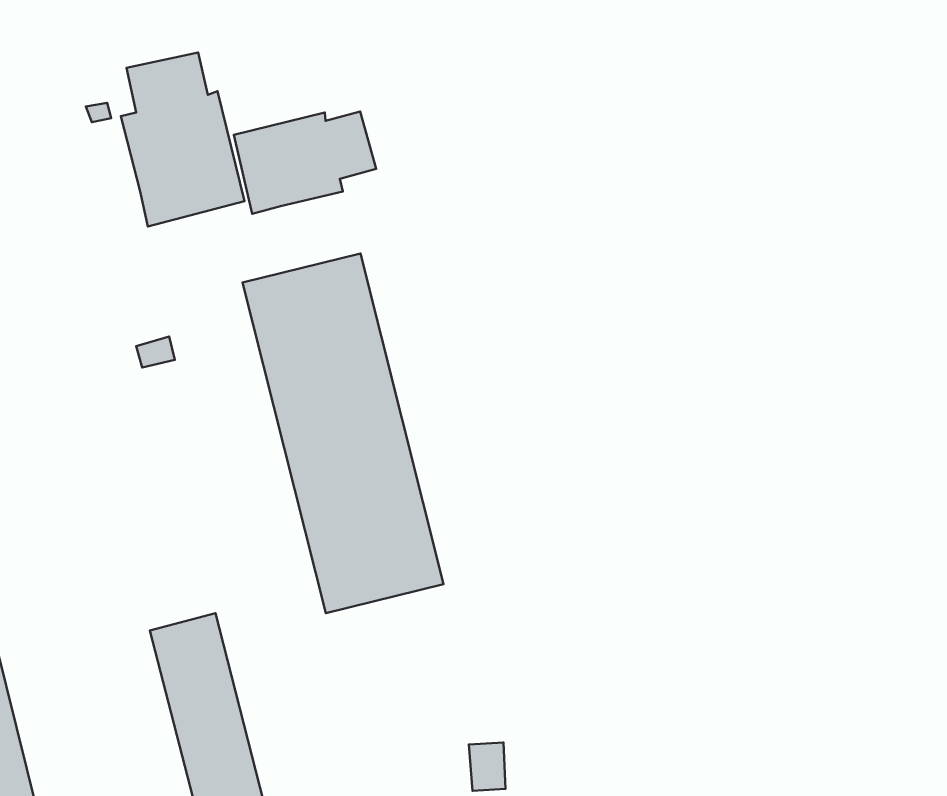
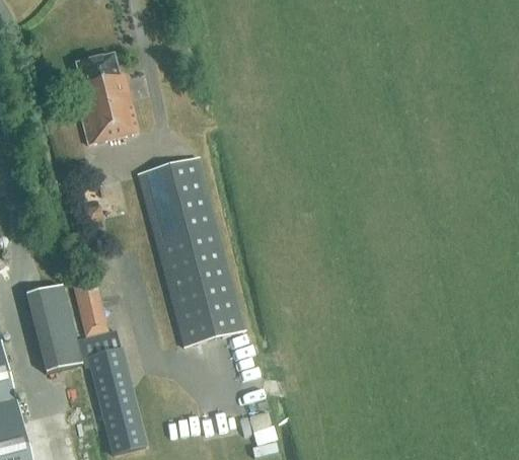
building: [234,112,376,214] -> none
building: none -> [75,282,106,335]
building: none -> [27,284,83,370]

